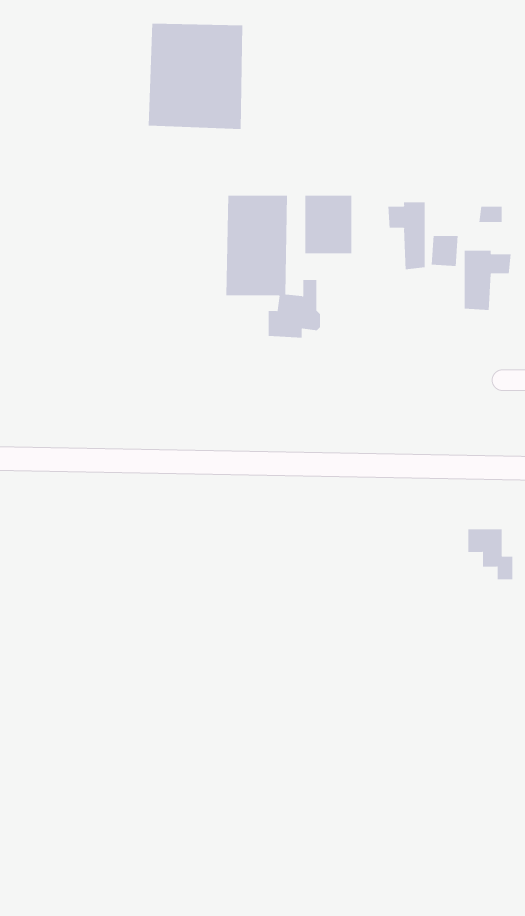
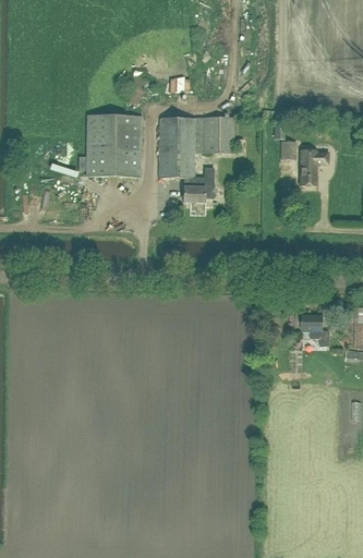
building: [148,23,243,130] -> [85,113,142,177]
building: [388,202,425,270] -> none

